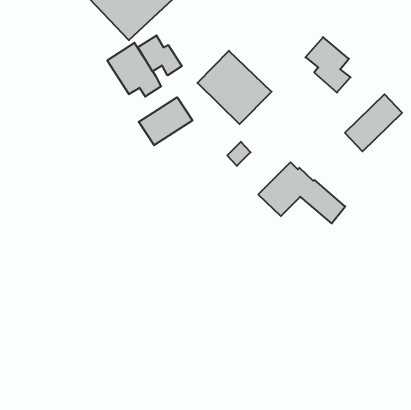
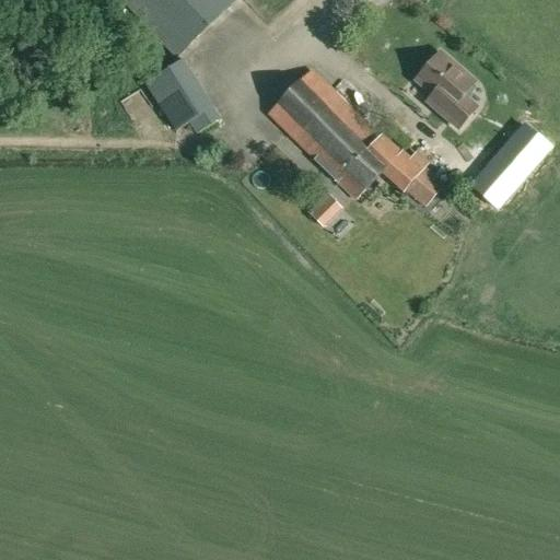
building: [138,35,182,75] -> none
building: [139,97,192,145] -> none
building: [258,162,345,223] -> [325,125,443,208]

